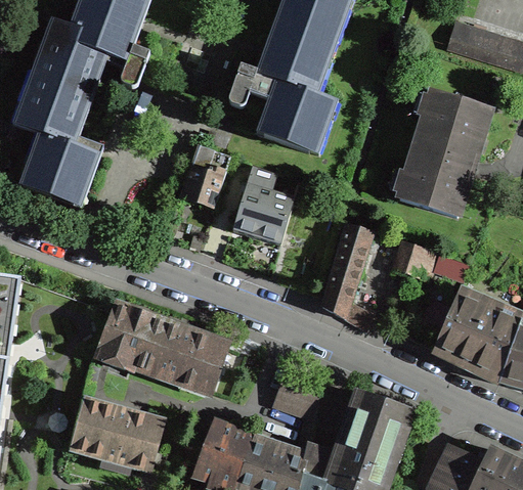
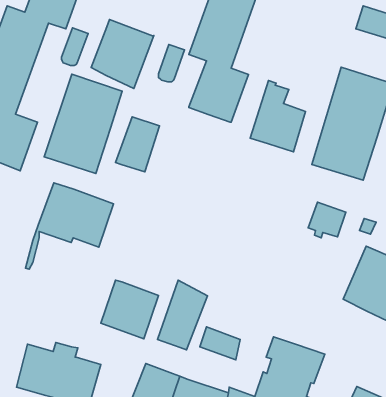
building: none -> [91,19,154,88]
building: none -> [44,74,122,174]
building: [232,165,294,244] -> [250,80,305,152]
building: [322,224,372,331] -> none
building: [82,305,180,401] -> [25,183,113,269]
building: none -> [158,280,207,350]

